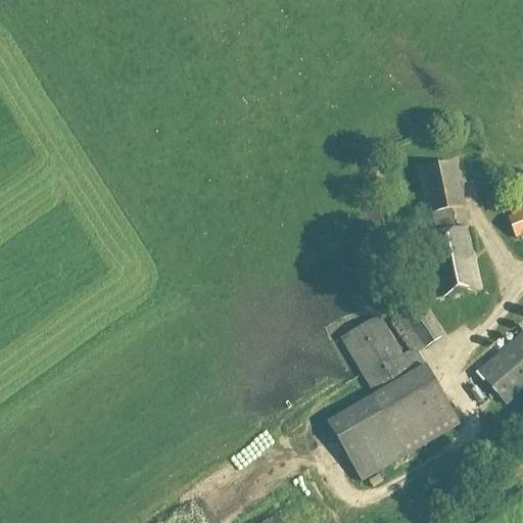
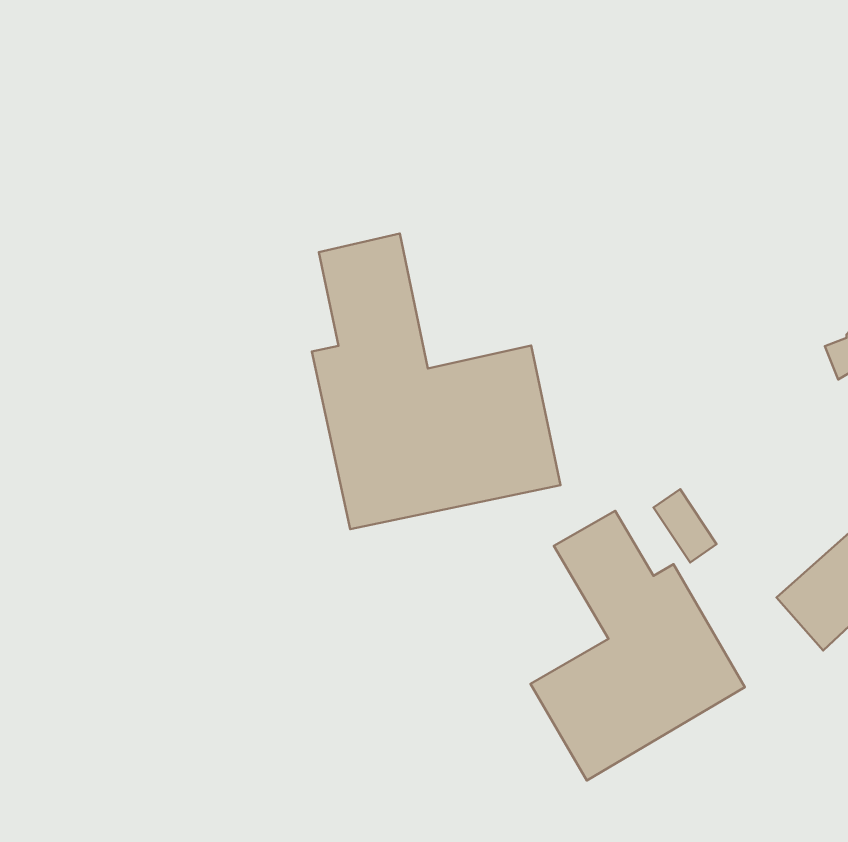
building: none -> [312,234,561,529]
building: [420,158,481,293] -> none

